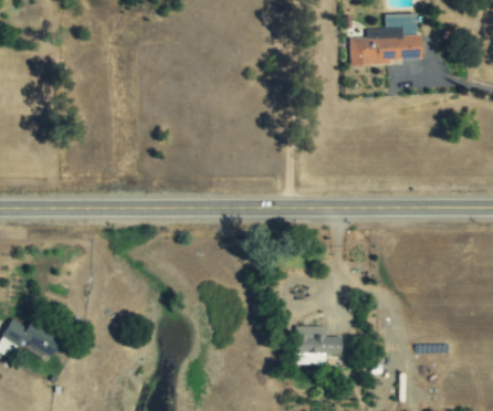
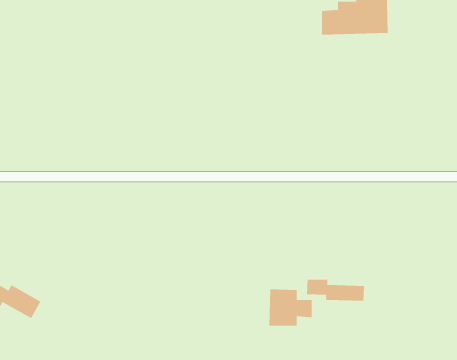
building: none -> [307,279,364,301]

